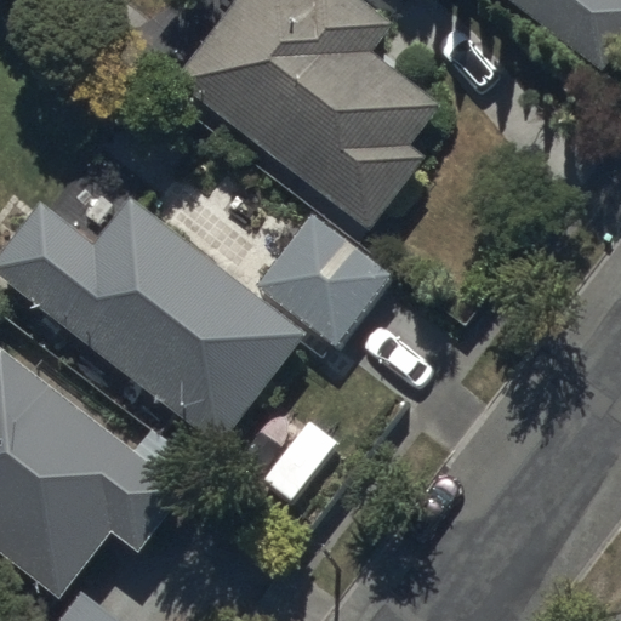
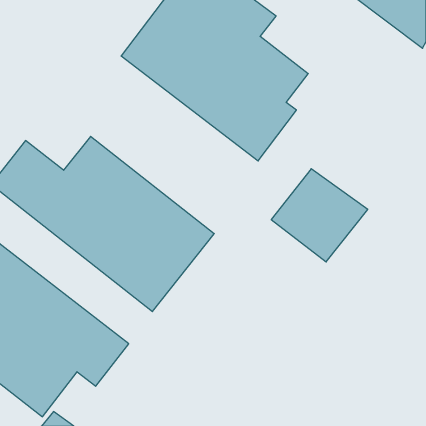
building: [253,210,392,343] -> [271,169,368,262]

